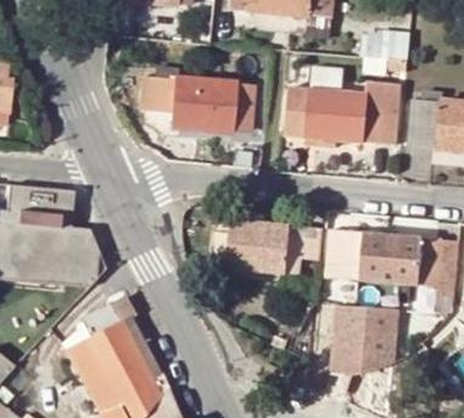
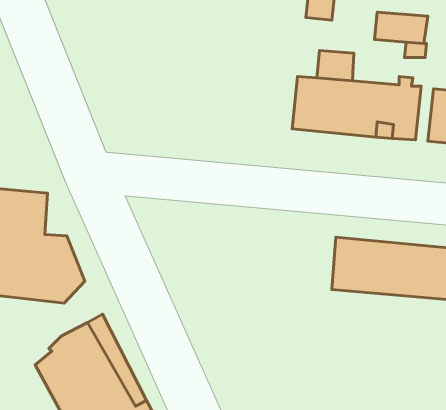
building: [140,66,254,130] -> none
building: [214,220,319,274] -> none
building: [320,302,401,373] -> none

